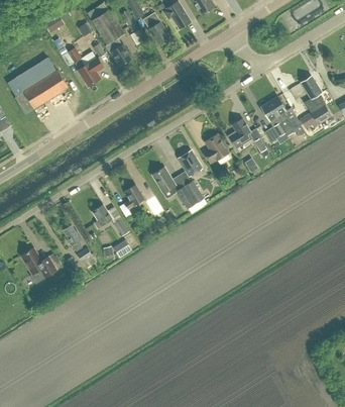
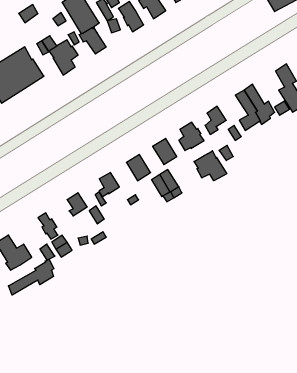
building: none -> [194,151,227,181]
building: none -> [8,259,54,295]

